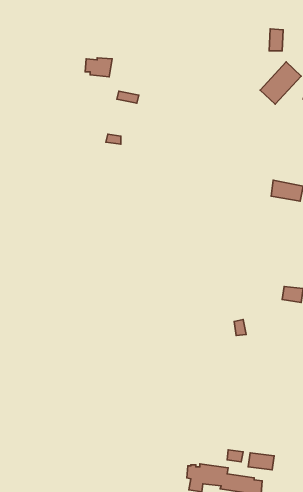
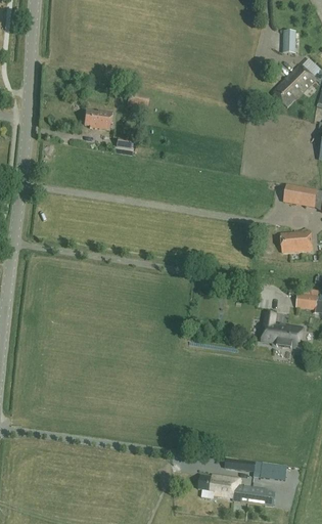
building: [85,58,112,77] -> [85,110,112,129]
building: none -> [281,231,312,252]
building: none -> [261,312,303,348]

